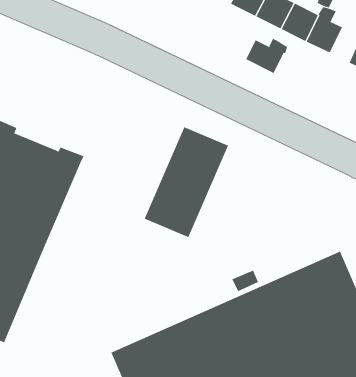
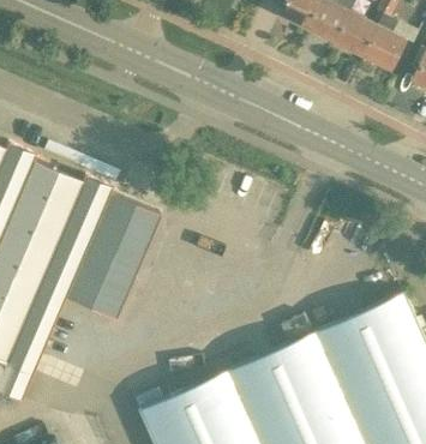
building: [246,38,288,74] -> none
building: [144,126,229,238] -> [62,191,160,318]

